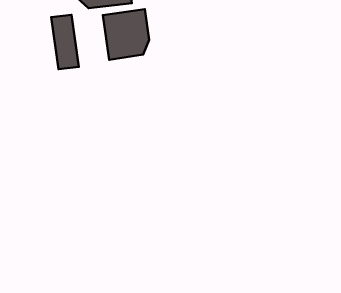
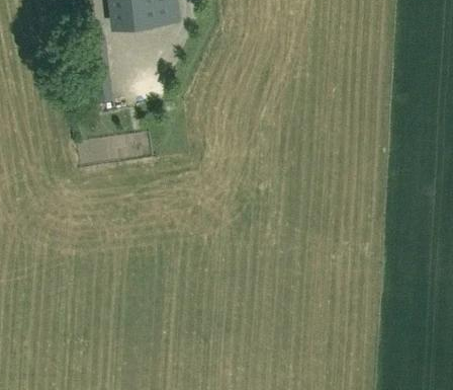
building: [103,9,149,60] -> none

